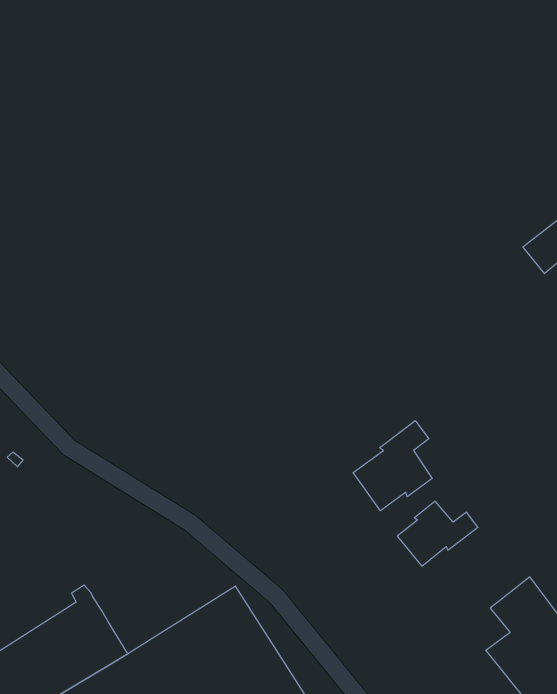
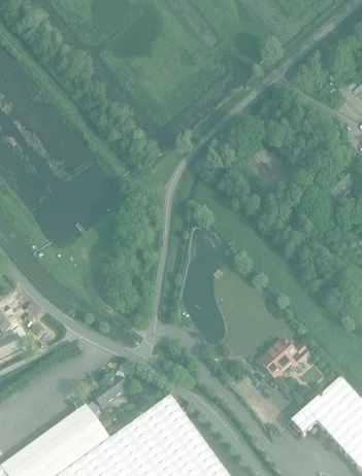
building: [353,421,432,511] -> none
building: none -> [93,374,128,408]
building: none -> [291,398,330,436]

